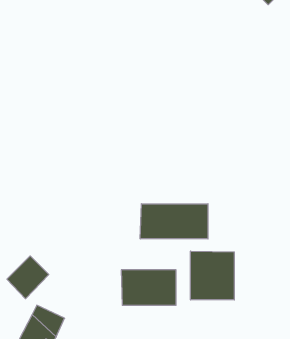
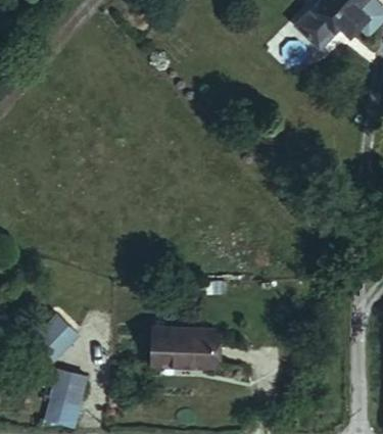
building: [140,204,208,239] -> none
building: [191,251,234,300] -> none

